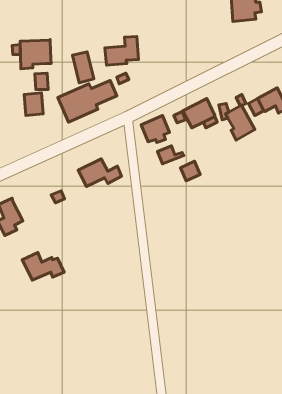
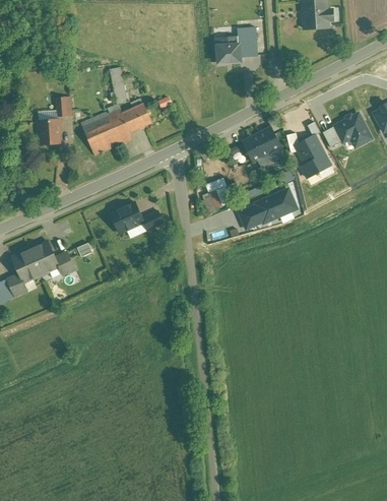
building: [105,37,138,65] -> [213,25,255,61]
building: [20,40,51,69] -> none
building: [141,115,169,142] -> none
building: none -> [253,188,295,222]
building: [22,252,64,280] -> [28,244,80,278]

